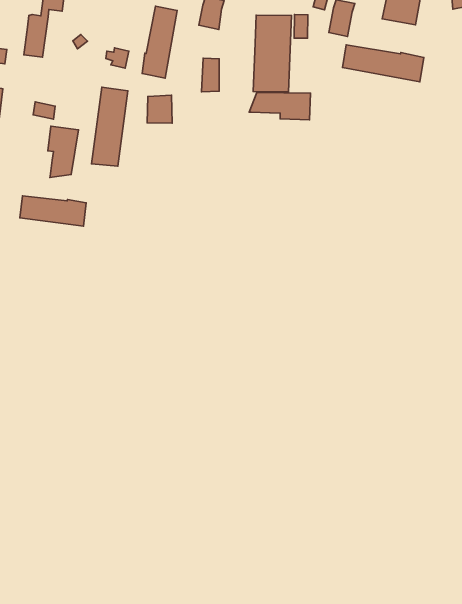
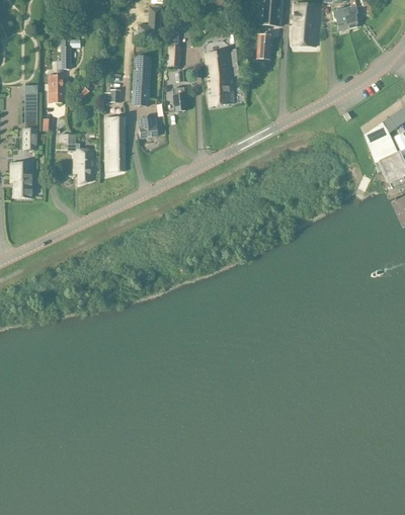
building: [342,45,424,82] -> none
building: [249,93,310,120] -> none
building: [20,196,86,226] -> none

